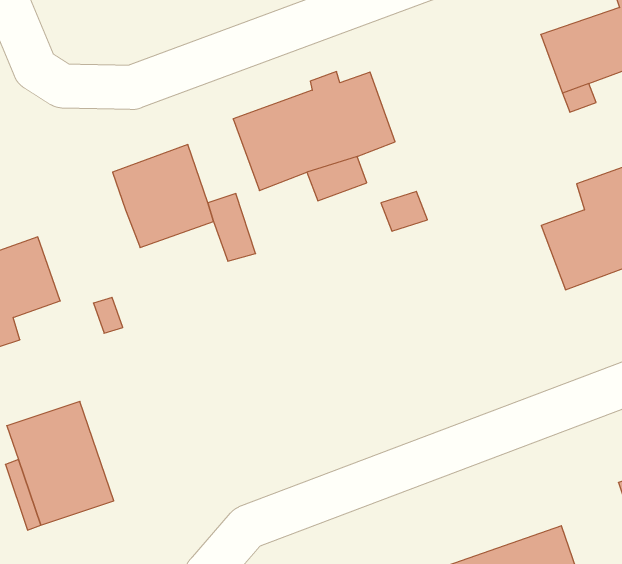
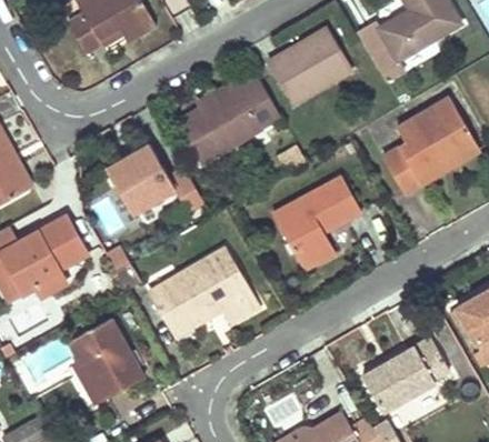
building: none -> [269,27,352,103]
building: none -> [270,173,358,267]
building: none -> [151,245,260,331]

